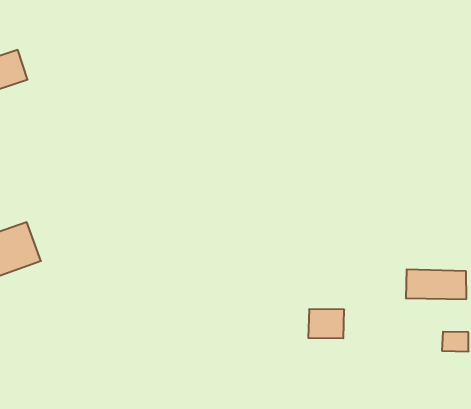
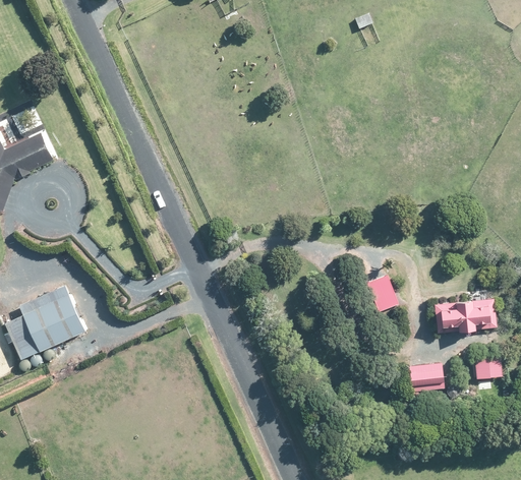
building: none -> [366,273,400,310]
building: [308,309,344,338] -> [409,361,445,392]

